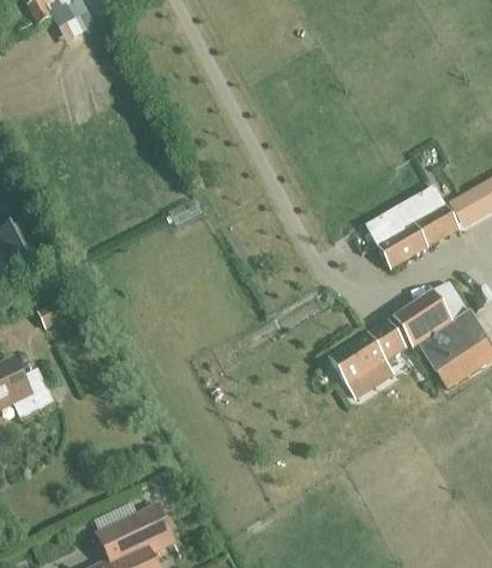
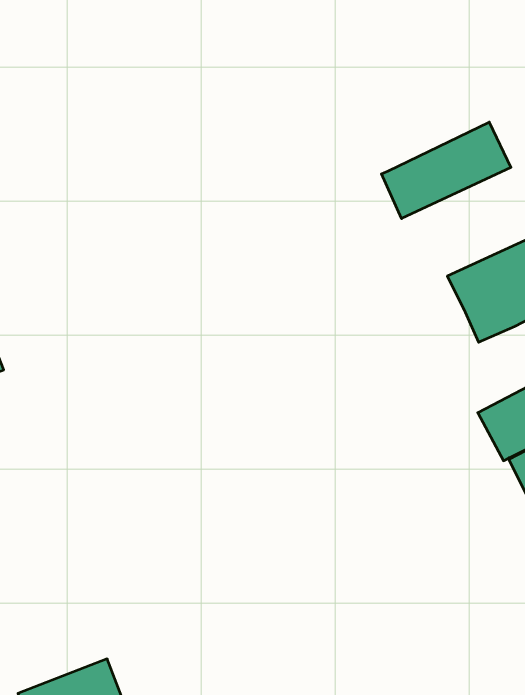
building: none -> [381,122,511,219]
building: [329,321,406,387] -> none

